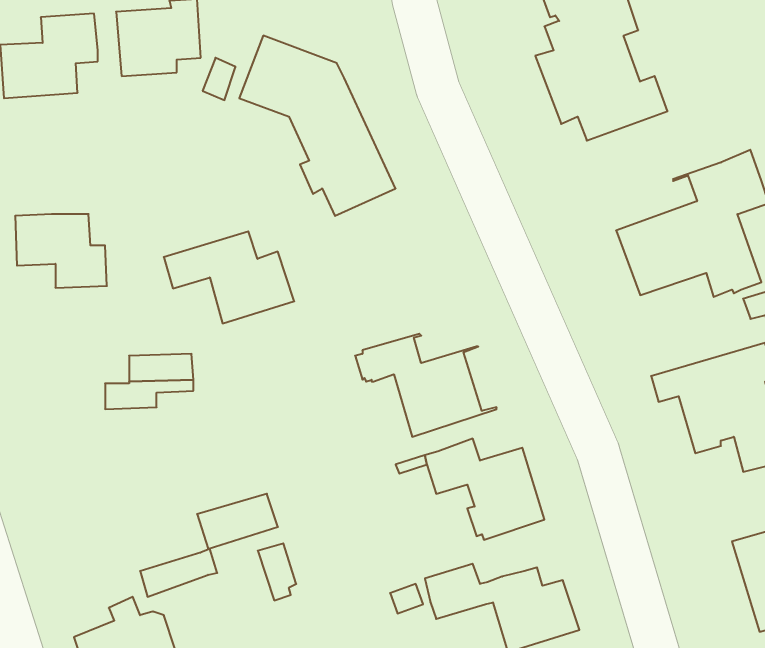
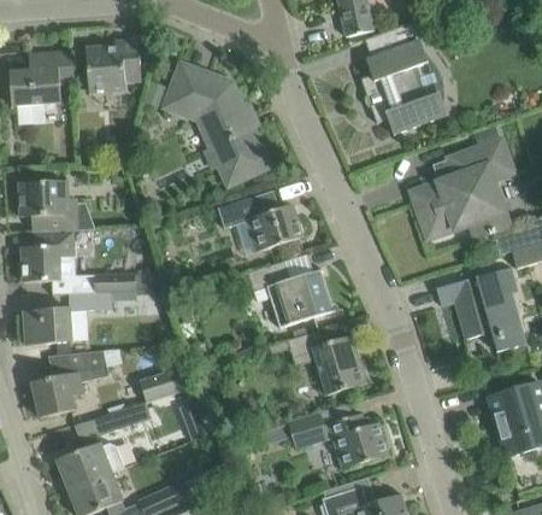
building: [164,231,294,323] -> [218,189,304,250]
building: none -> [22,229,75,281]
building: none -> [25,306,71,344]
building: none -> [33,349,108,416]

